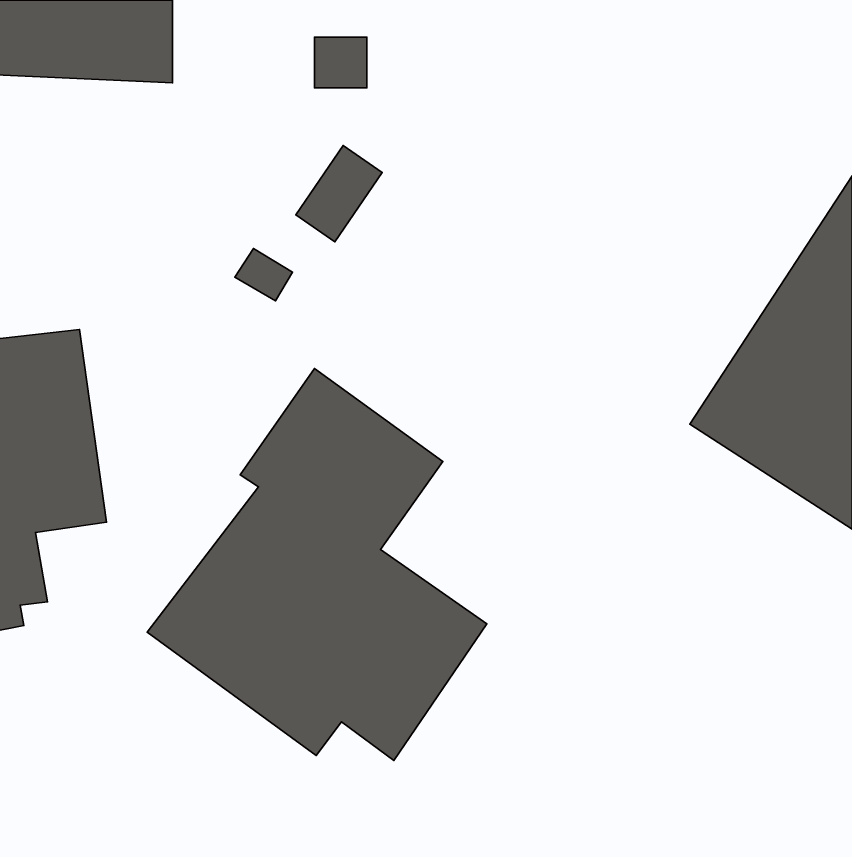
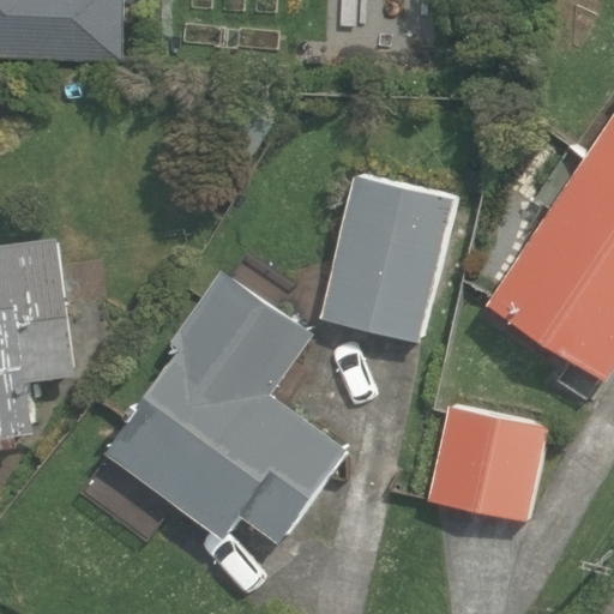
building: none -> [320,174,453,344]
building: none -> [427,405,548,523]

